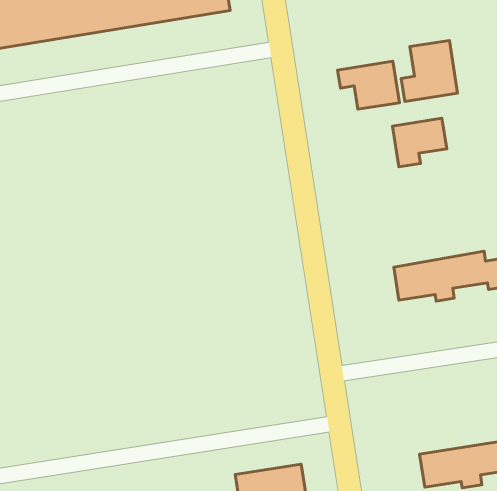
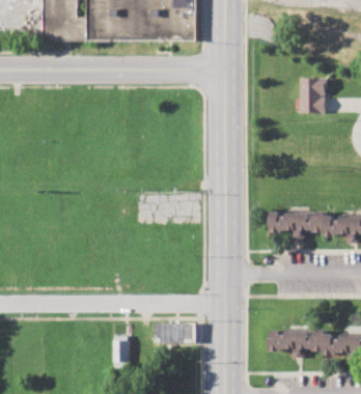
building: [338,61,399,109] -> none
building: [393,118,447,167] -> none

